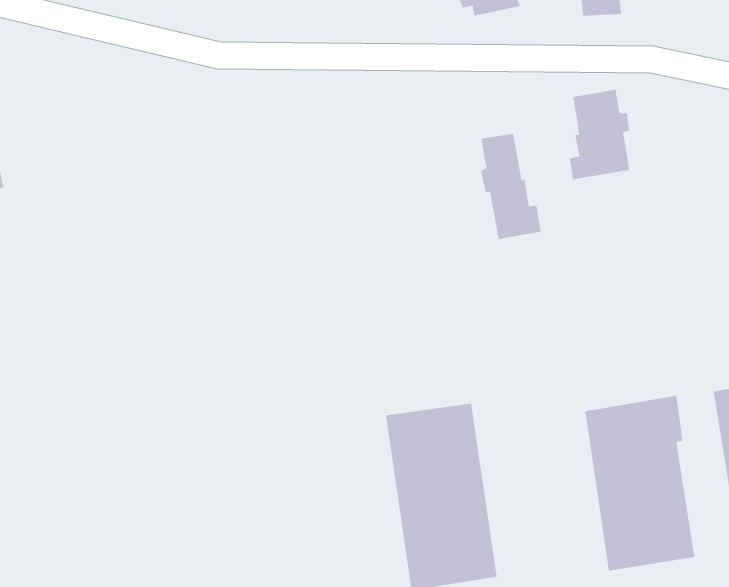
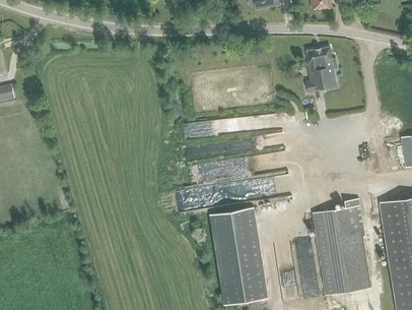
building: [480,133,541,240] -> none

